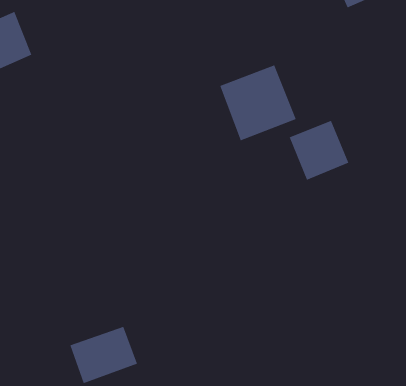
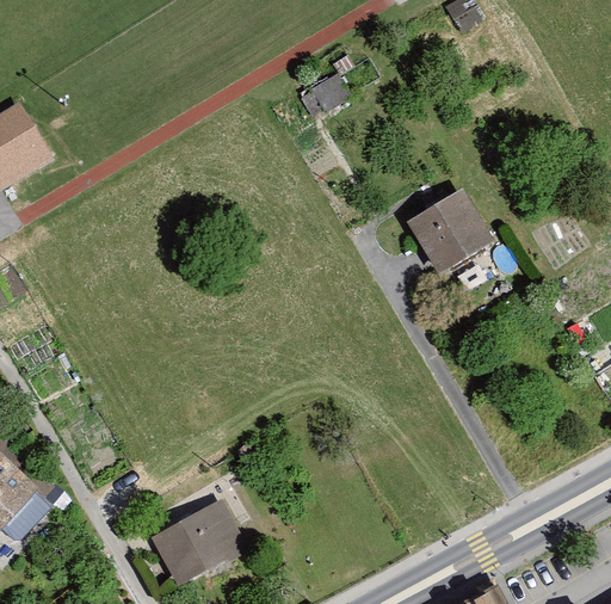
building: none -> [298,74,348,118]
building: [219,65,296,141] -> none

